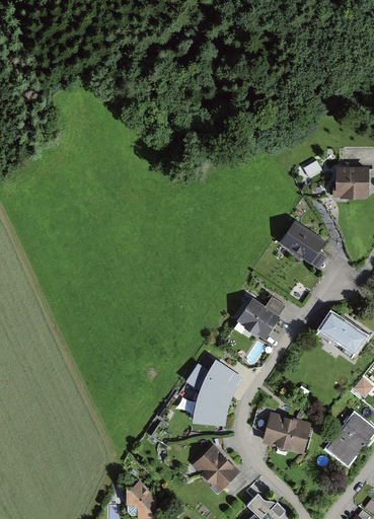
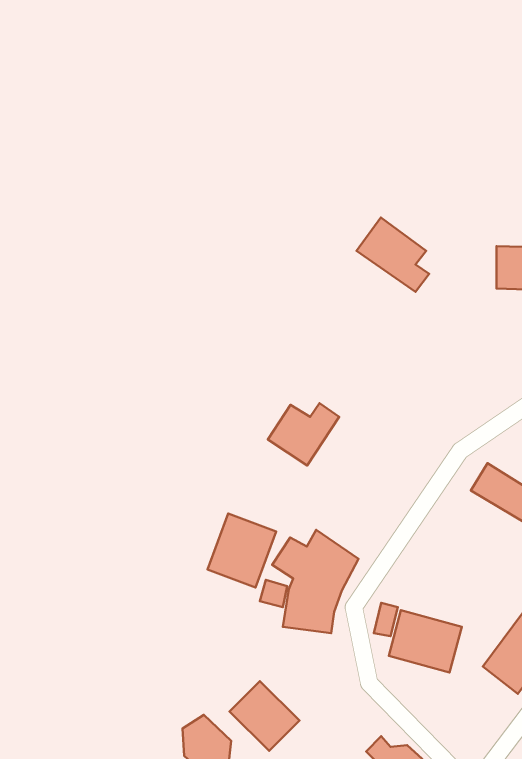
building: [279,218,327,268] -> [356,218,429,292]
building: [237,297,285,339] -> [268,403,339,465]
building: none -> [208,513,276,587]
building: [194,445,240,492] -> [230,681,299,751]

